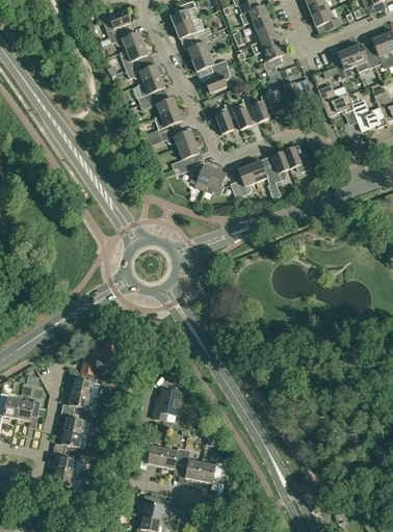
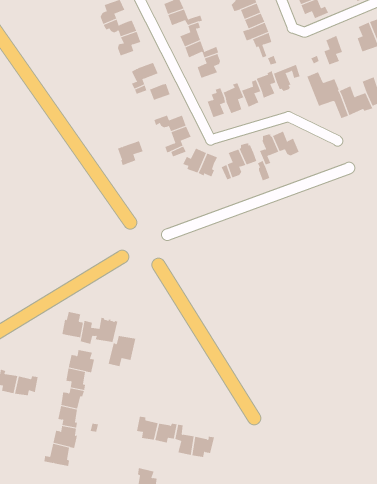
building: [349,42,375,72] -> none
building: [126,64,163,82] -> none
building: [155,109,182,135] -> [117,140,143,166]
building: none -> [62,311,83,338]
building: [153,389,182,421] -> [108,335,136,367]

